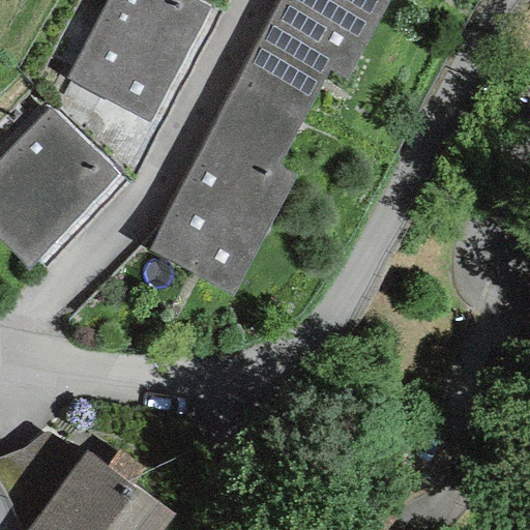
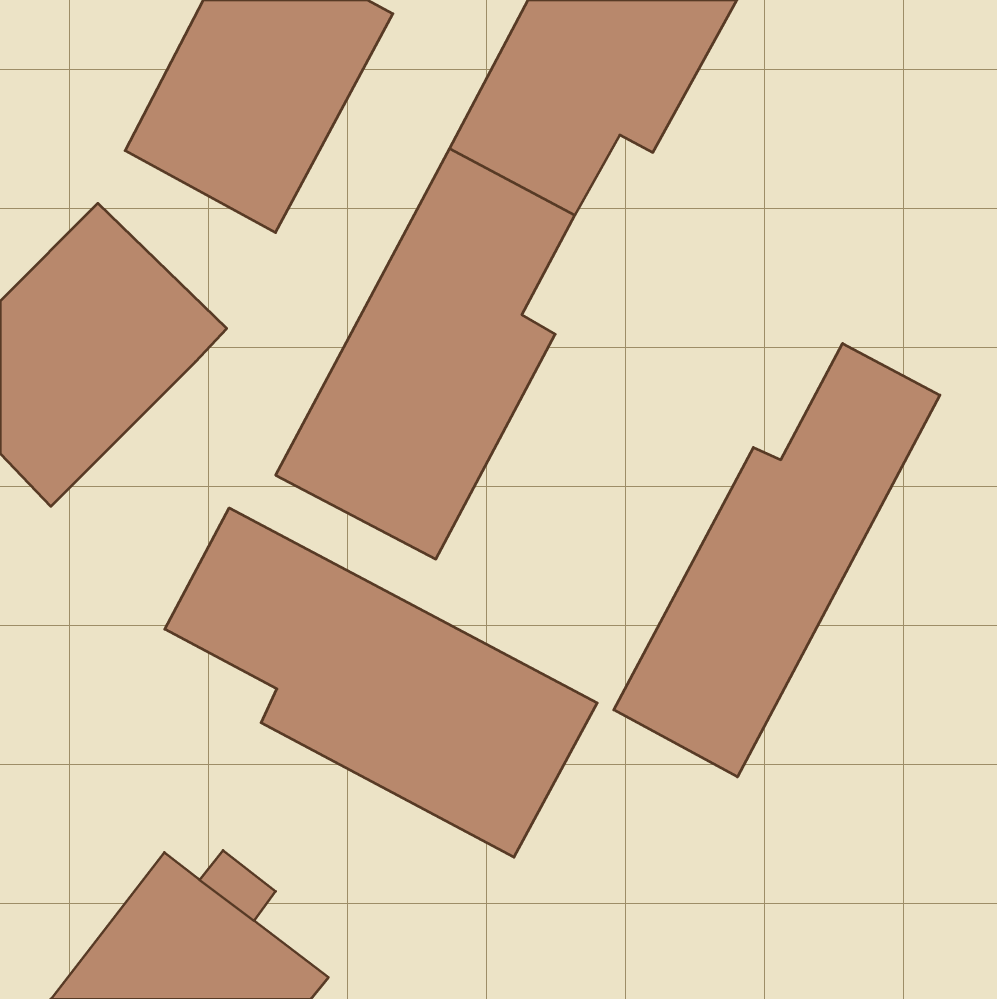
building: none -> [614,343,940,777]
building: none -> [165,508,597,857]

